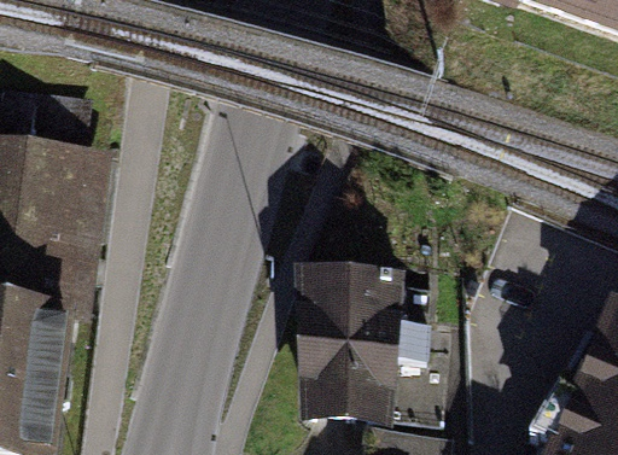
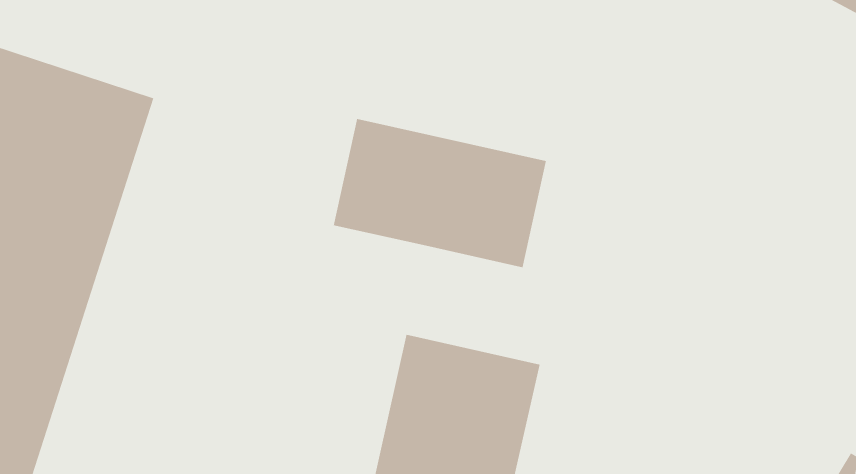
building: none -> [333,118,547,268]

